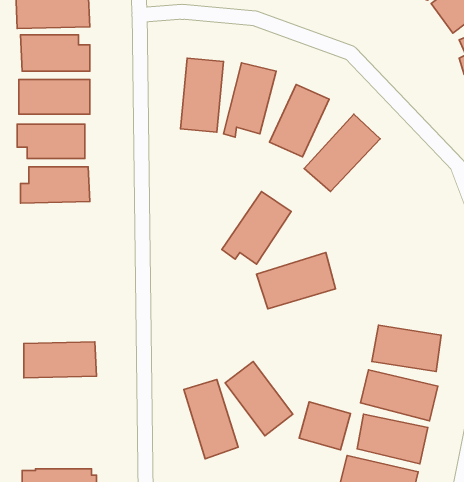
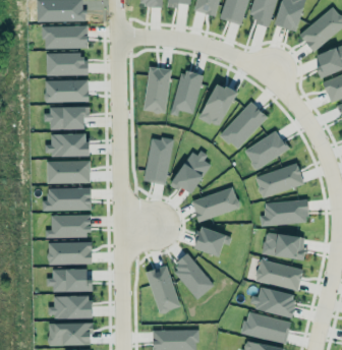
building: none -> [244,130,288,170]
building: none -> [144,136,175,185]
building: none -> [47,161,91,184]
building: none -> [255,164,304,198]
building: none -> [43,188,92,212]
building: none -> [261,200,308,225]
building: none -> [46,215,92,237]
building: none -> [50,269,91,292]
building: [299,402,350,450] -> [194,227,226,256]
building: none -> [49,296,92,318]

